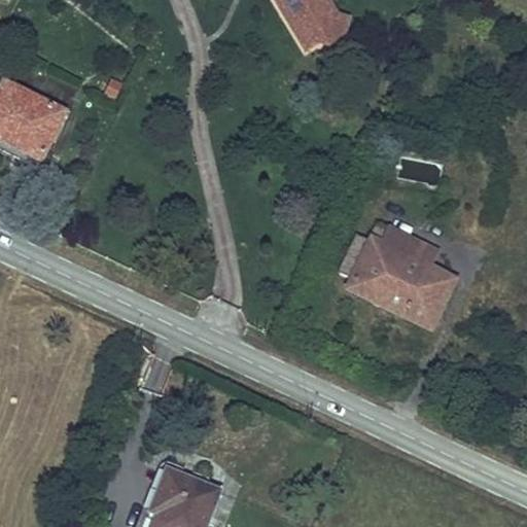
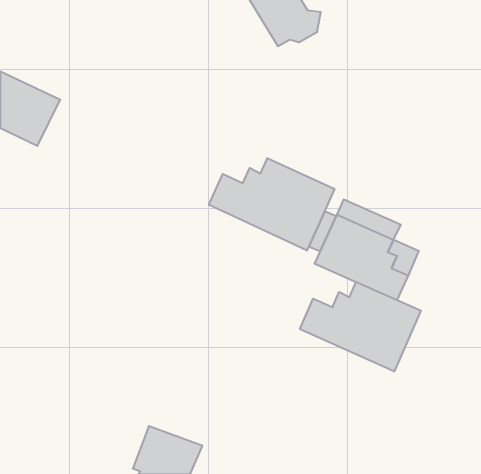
building: none -> [209,158,335,251]
building: none -> [300,282,421,372]

